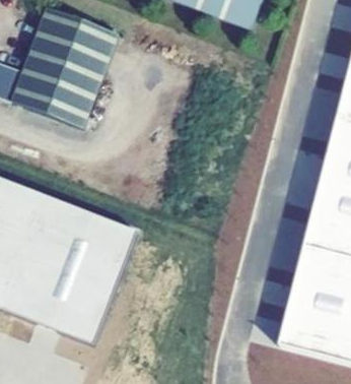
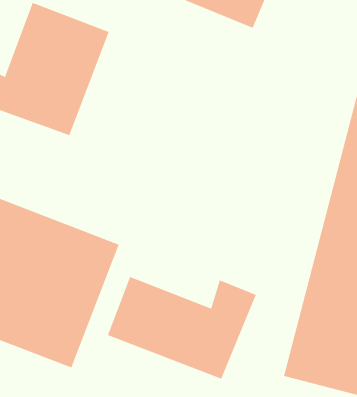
building: none -> [107,276,256,379]

